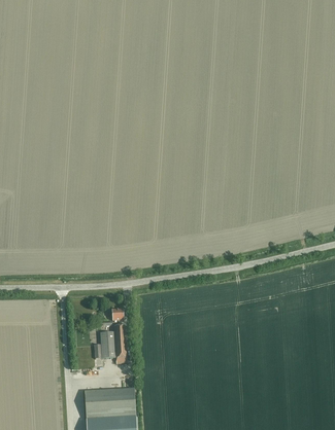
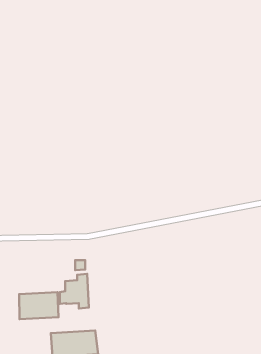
building: none -> [19,292,58,319]

